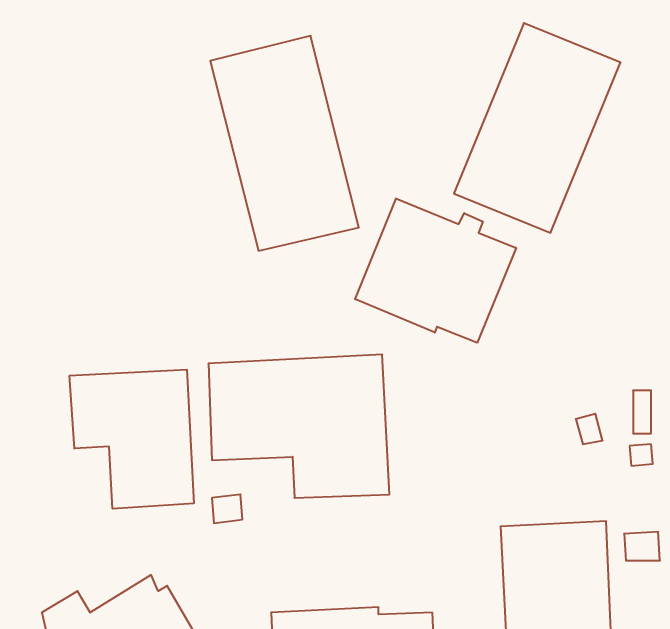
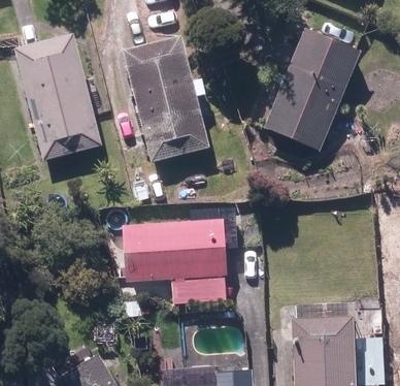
building: none -> [14,34,101,160]
building: [355,198,516,343] -> none
building: [70,370,194,509] -> none

